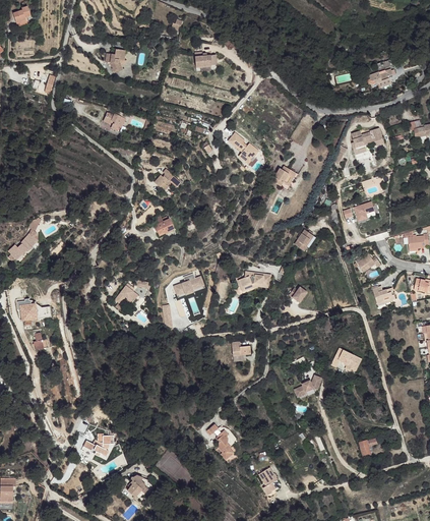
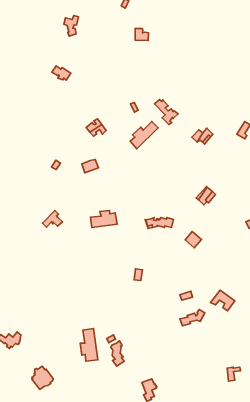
building: none -> [130,122,158,149]
building: none -> [80,328,98,361]

